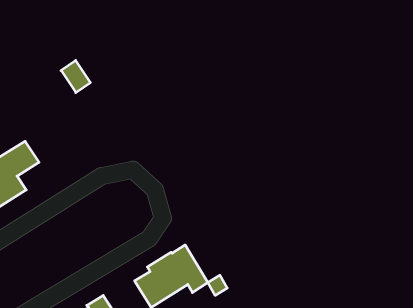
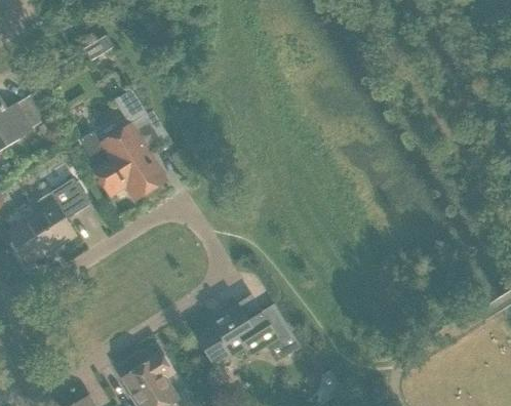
building: none -> [80,127,166,197]

